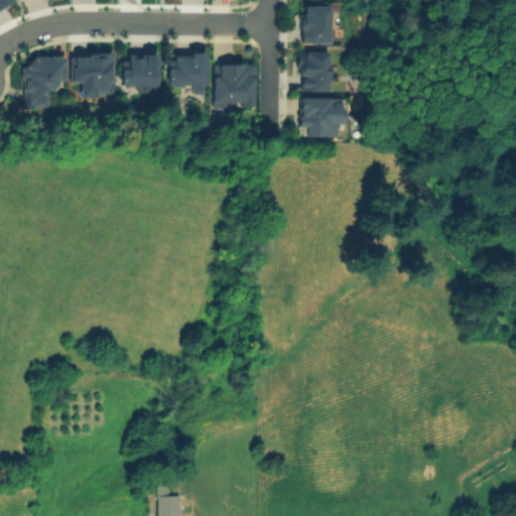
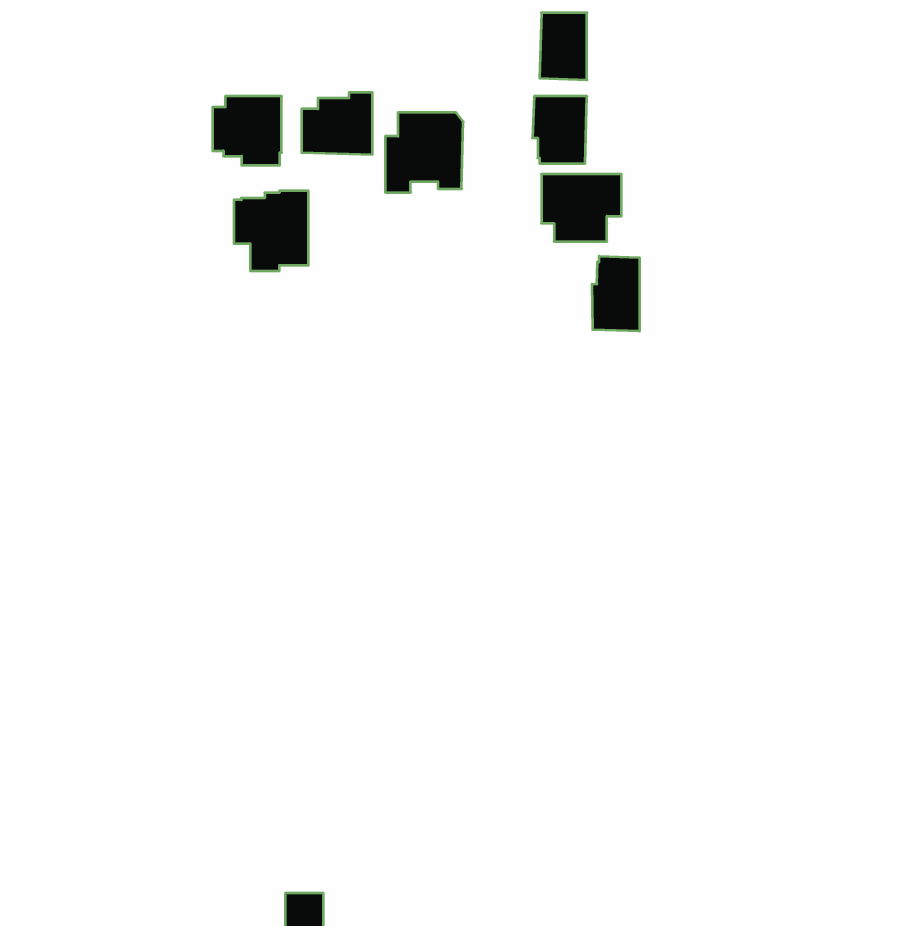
building: [72,52,113,97] -> [234,191,308,271]
building: [26,56,67,108] -> none
building: none -> [592,256,639,331]

